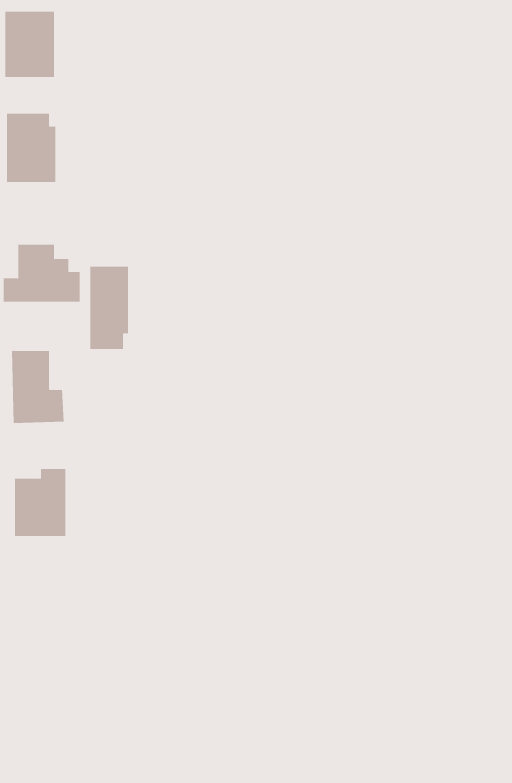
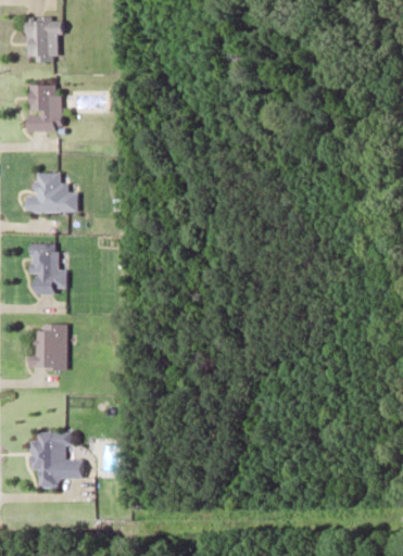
building: [90,266,129,350] -> none
building: none -> [33,431,83,488]

